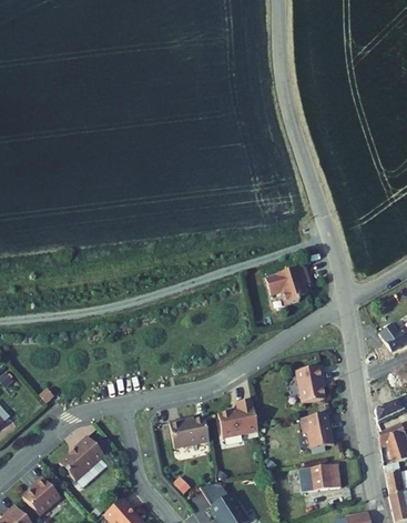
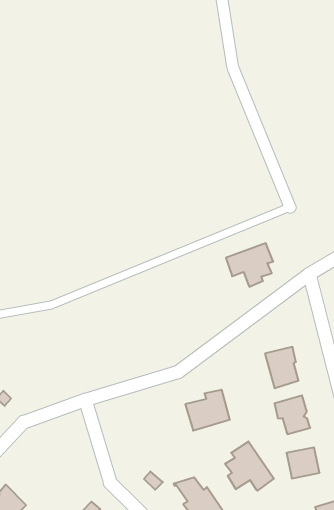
building: [169,416,210,447] -> none
building: [60,435,104,479] -> none
building: none -> [225,441,274,491]

